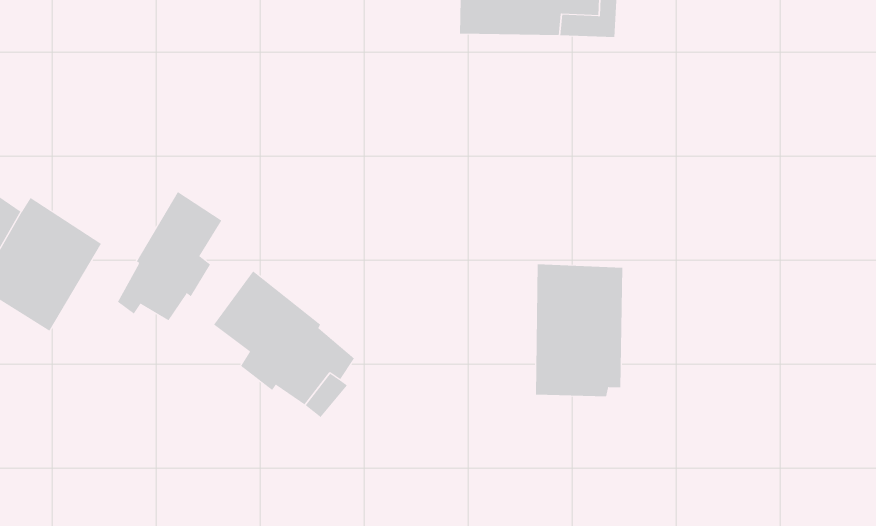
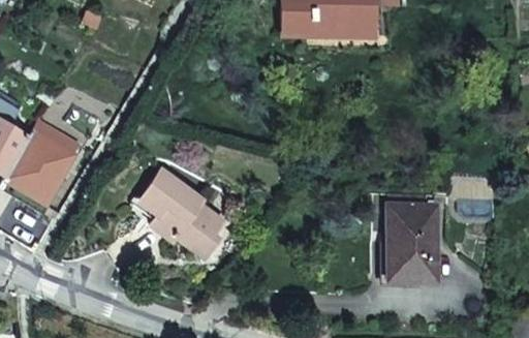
building: [117,191,222,321] -> none
building: [535,264,623,397] -> [386,203,437,279]

